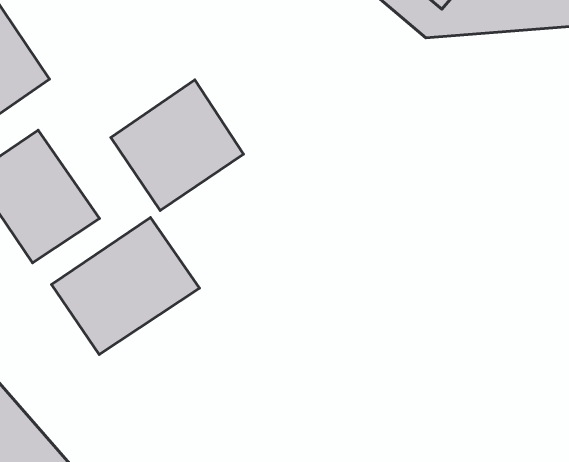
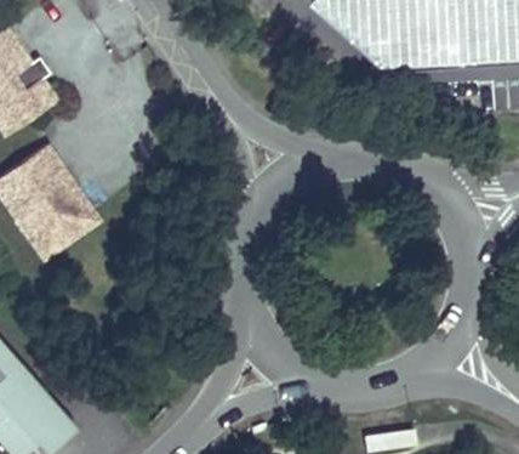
building: [111,80,243,211] -> none
building: [51,218,200,354] -> none

